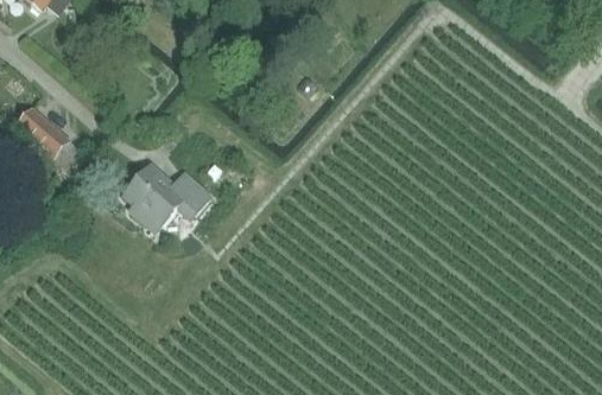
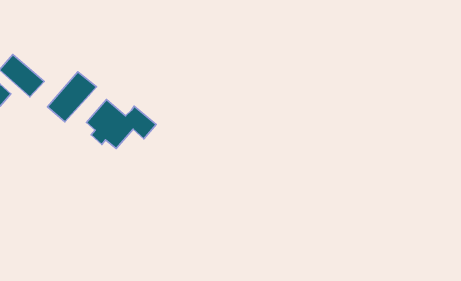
building: none -> [47,72,96,122]

